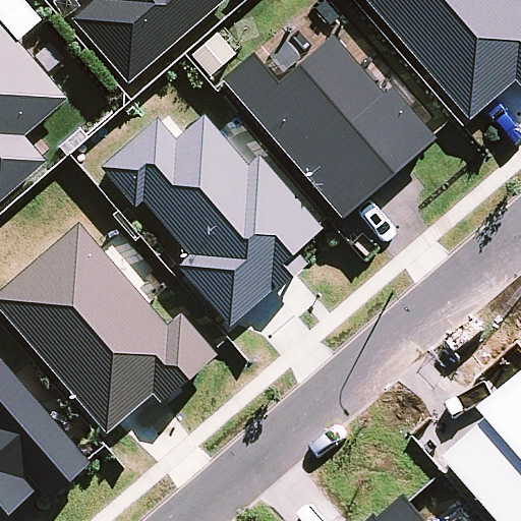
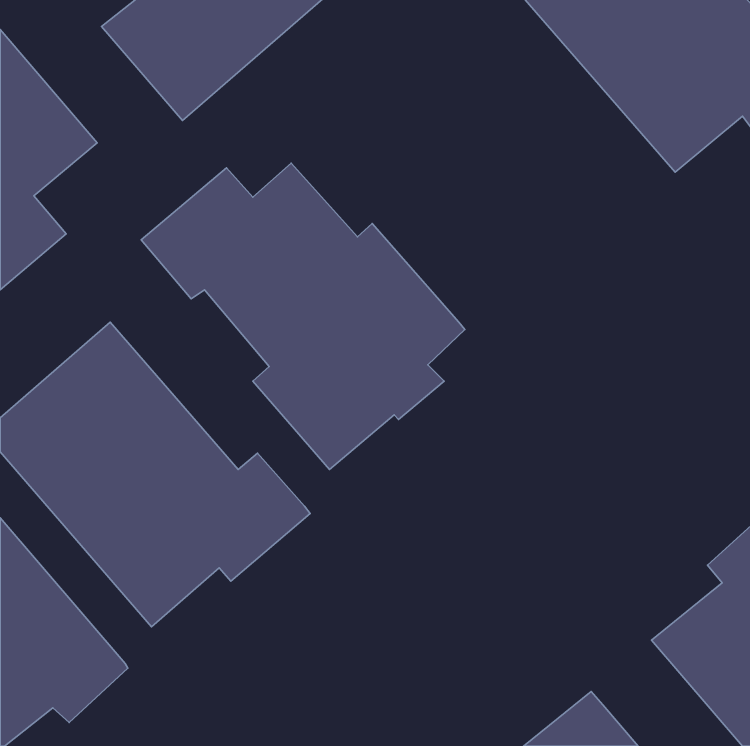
building: [218,34,436,220] -> none

